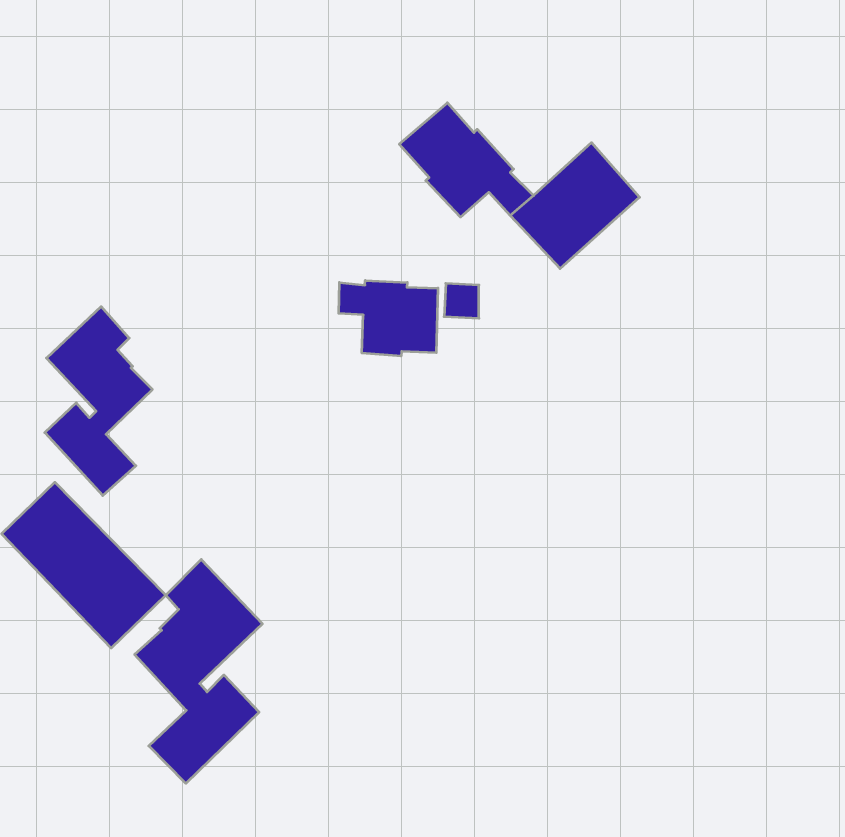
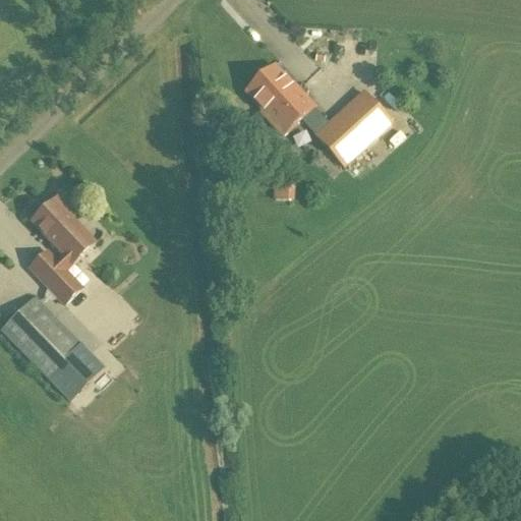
building: [339,280,438,356] -> none
building: [135,559,262,783] -> none

